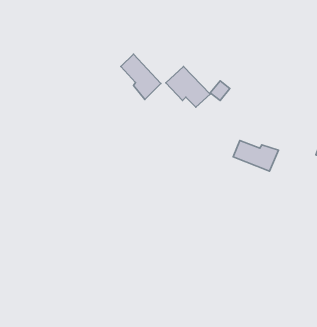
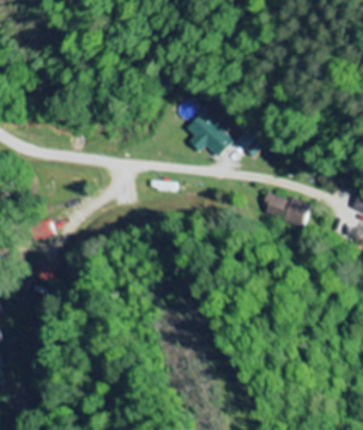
building: [121,54,161,99] -> none

